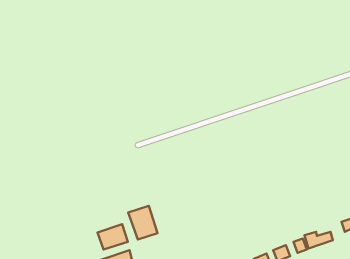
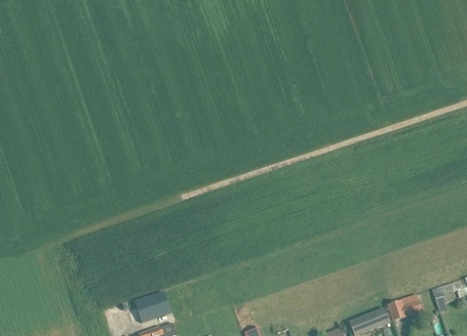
building: [128,206,158,239] -> none

